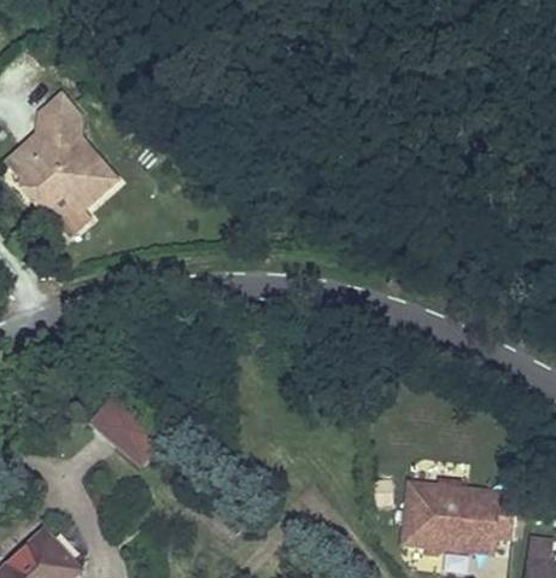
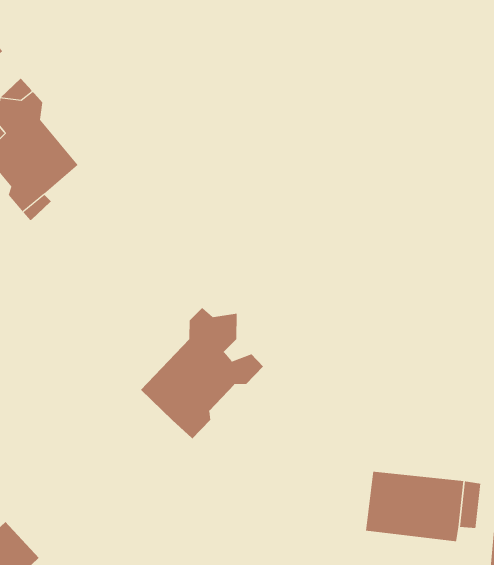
building: none -> [140,306,264,440]
building: [95,401,164,468] -> none

